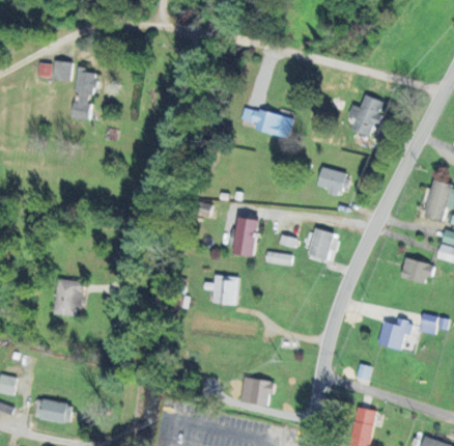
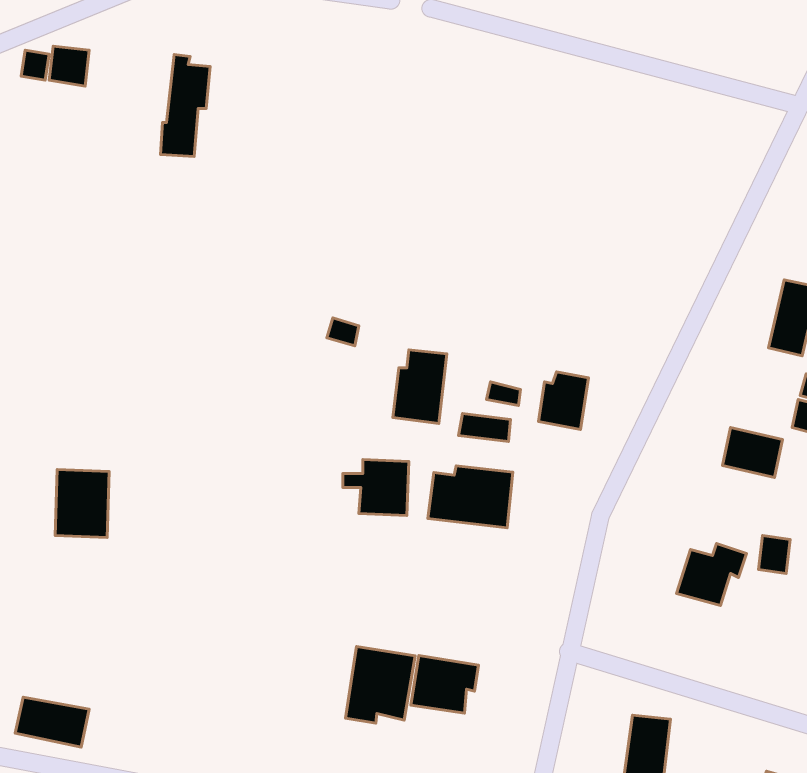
building: [72,66,97,119] -> [160,54,210,156]
building: [348,94,385,149] -> none
building: [242,106,293,138] -> none
building: [317,168,351,196] -> none
building: none -> [428,466,513,528]
building: none -> [346,647,415,723]

